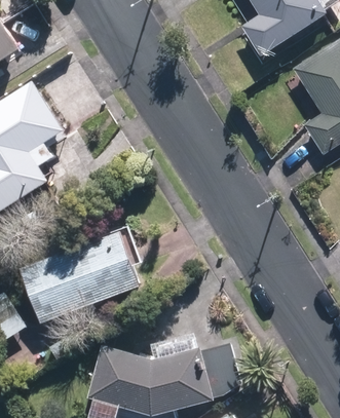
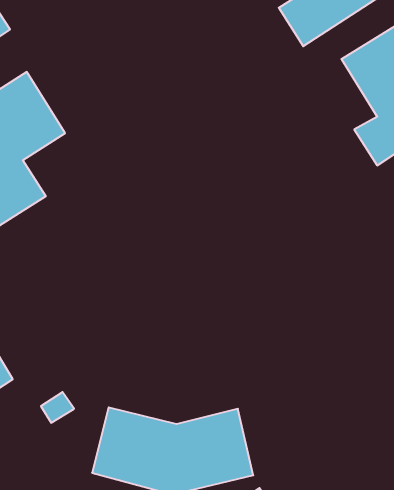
building: [23,227,145,321] -> none

